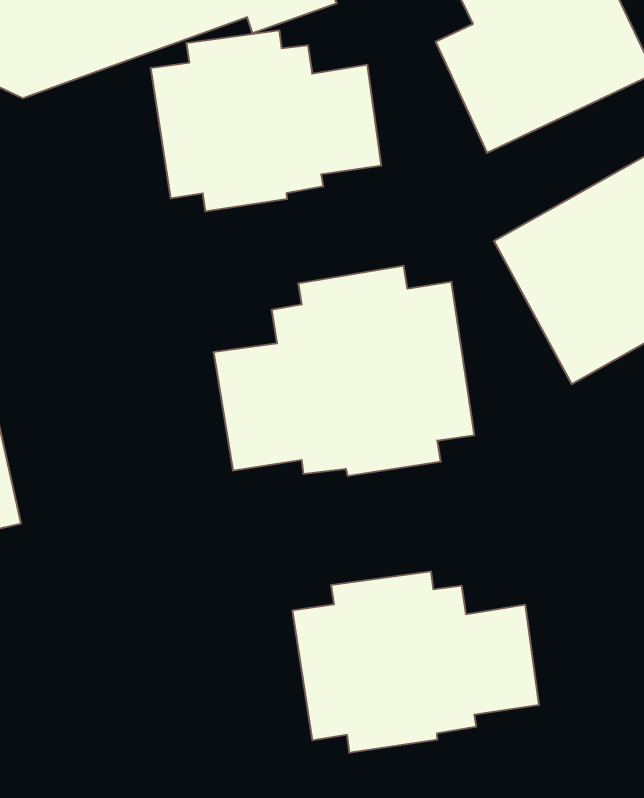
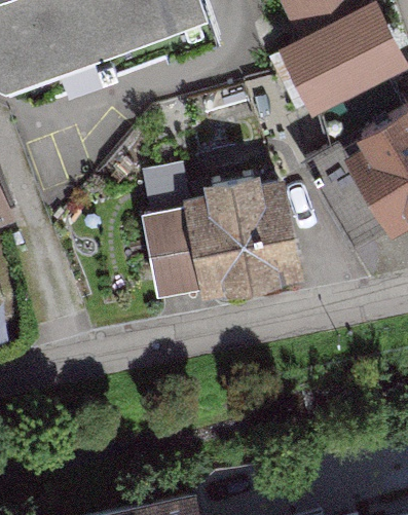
building: [151,30,381,212] -> none
building: [293,571,539,753] -> none

